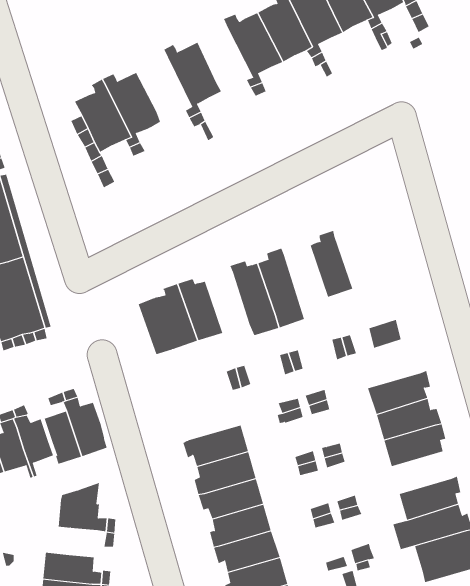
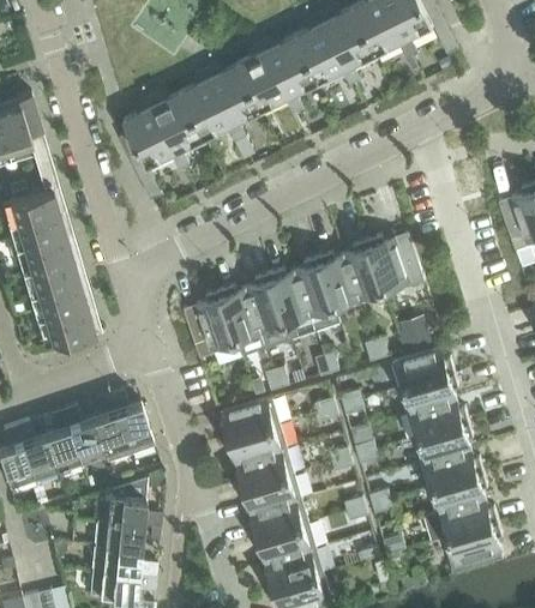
building: none -> [238,41,289,109]
building: none -> [180,70,232,138]
building: none -> [366,231,423,295]
building: none -> [317,252,360,312]
building: none -> [245,273,285,337]
building: none -> [390,348,453,389]
building: none -> [218,398,278,440]
building: none -> [420,449,482,488]
building: none -> [94,519,143,548]

